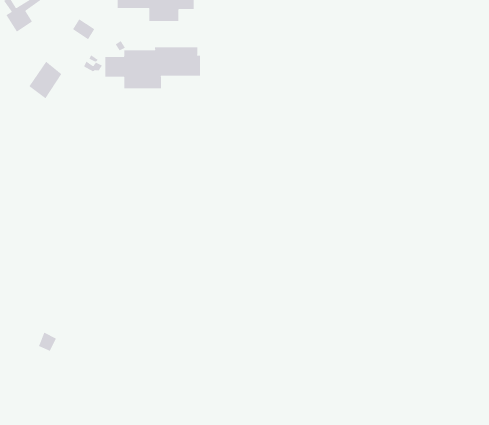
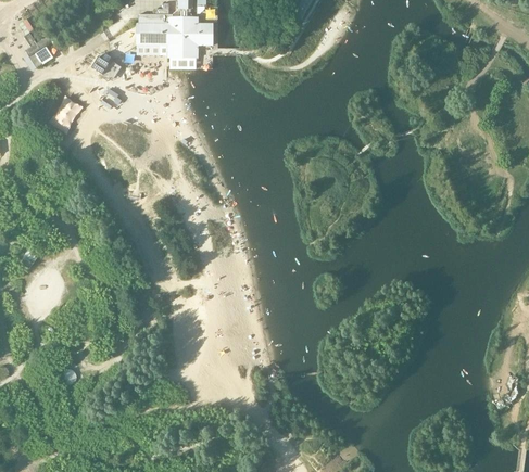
building: [105,46,200,89] -> none

